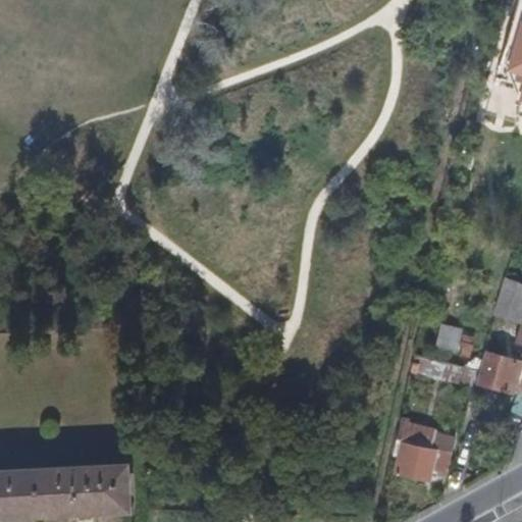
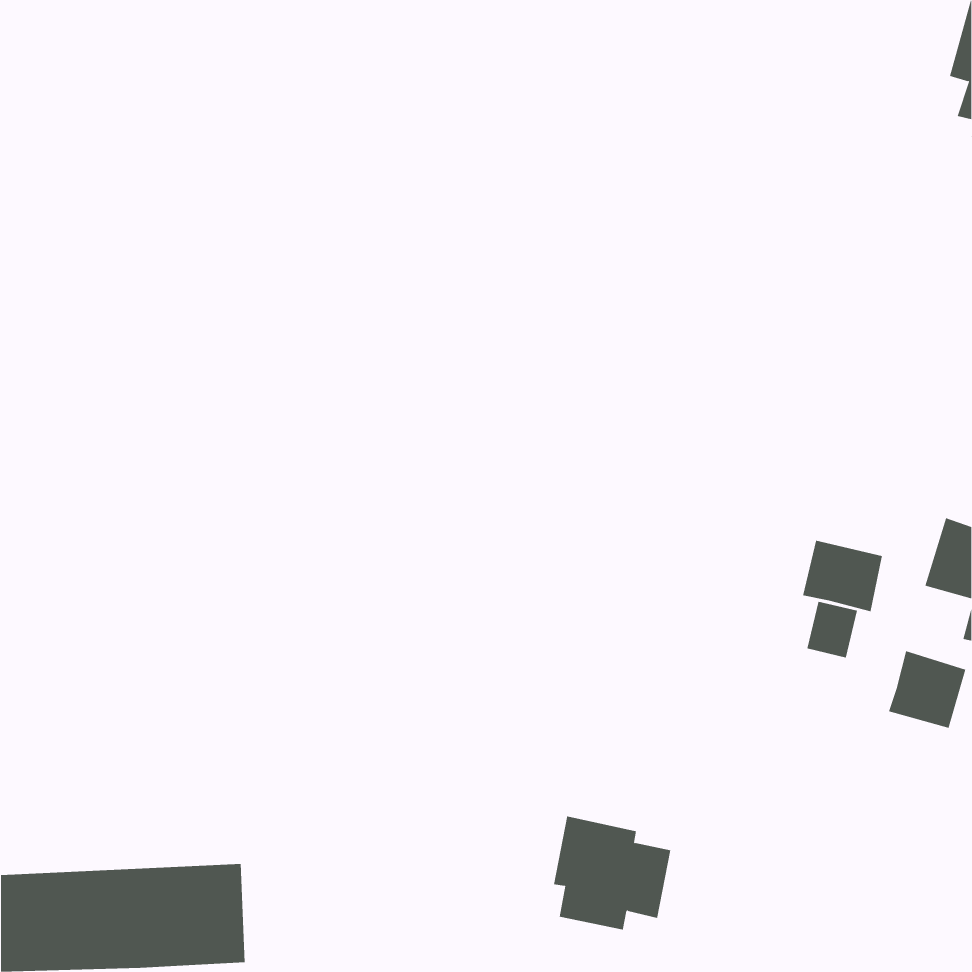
building: none -> [802,540,882,612]
building: [392,420,455,481] -> [553,816,671,930]

